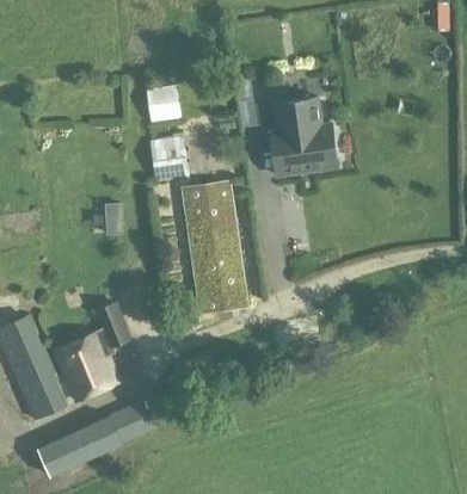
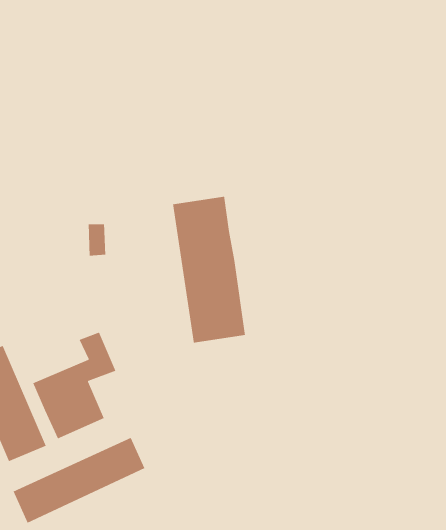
building: [147,88,179,122] -> none
building: [271,103,340,183] -> none
building: [149,135,188,180] -> none

